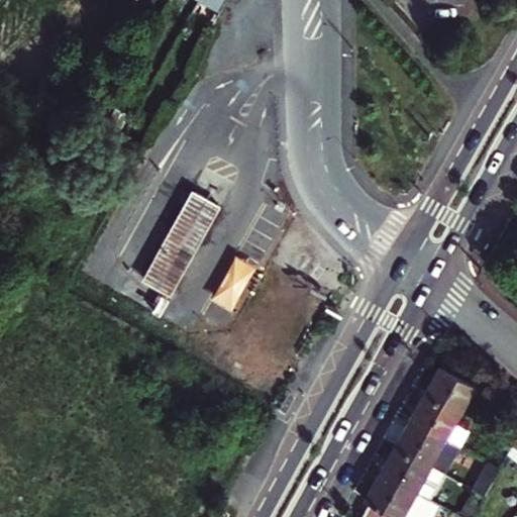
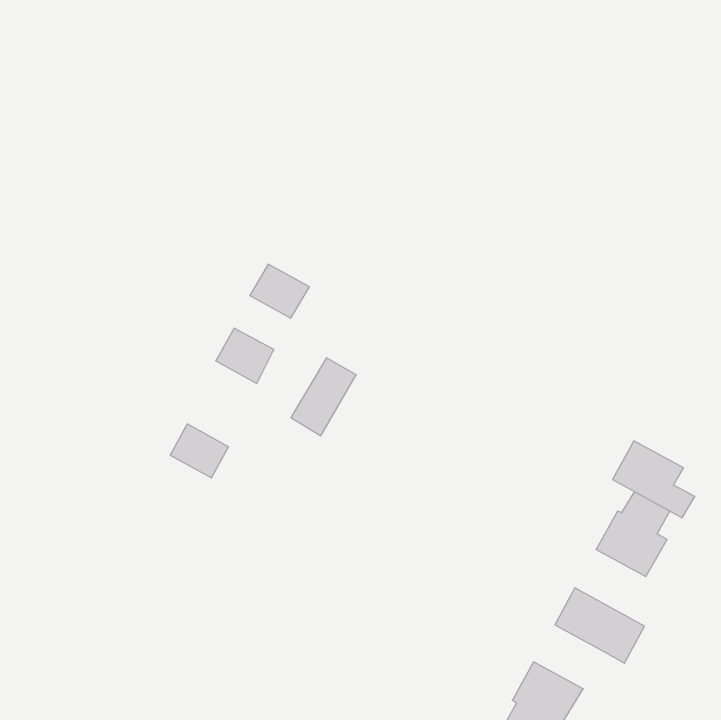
building: [167,214,207,252] -> none
building: [141,261,183,299] -> [170,424,228,478]
building: [409,395,468,449] -> [613,441,695,518]
building: [380,448,430,494] -> none

